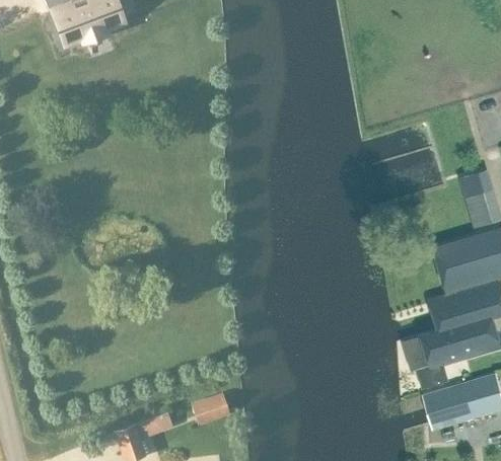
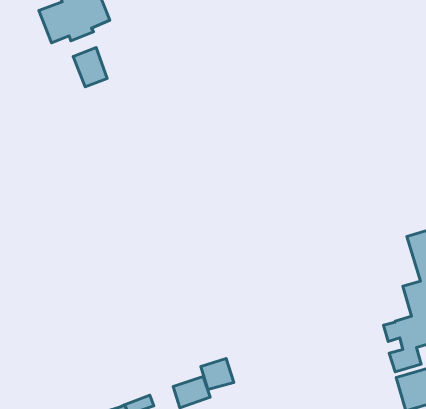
building: none -> [73,47,107,87]
building: none -> [201,358,234,390]

